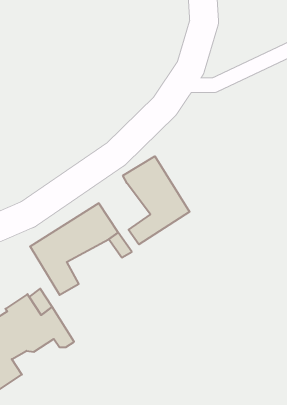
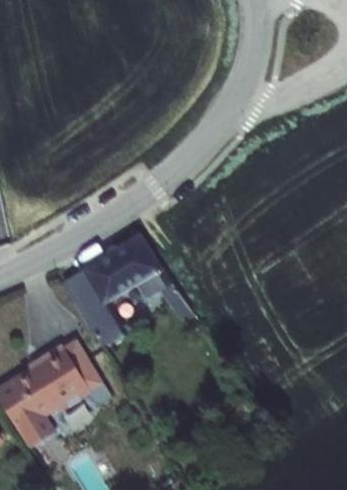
building: [123,156,190,244] -> none

